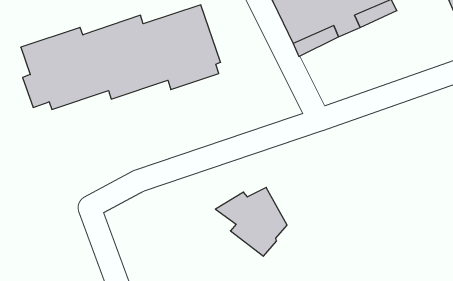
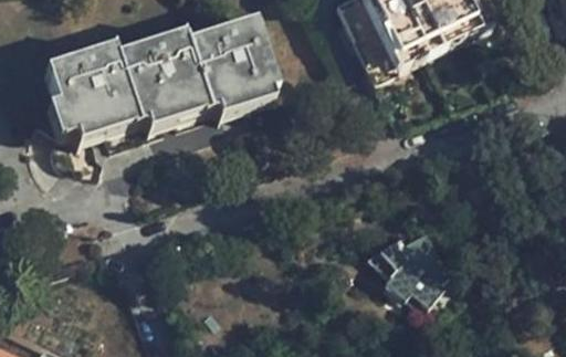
building: [215,187,287,256] -> [367,230,451,311]

